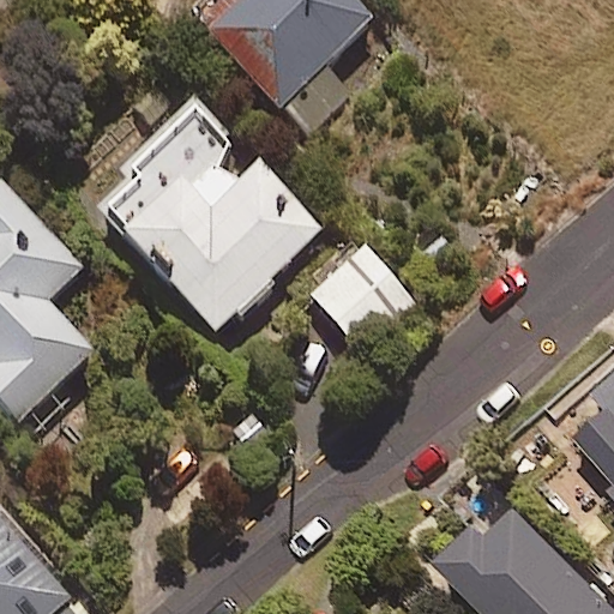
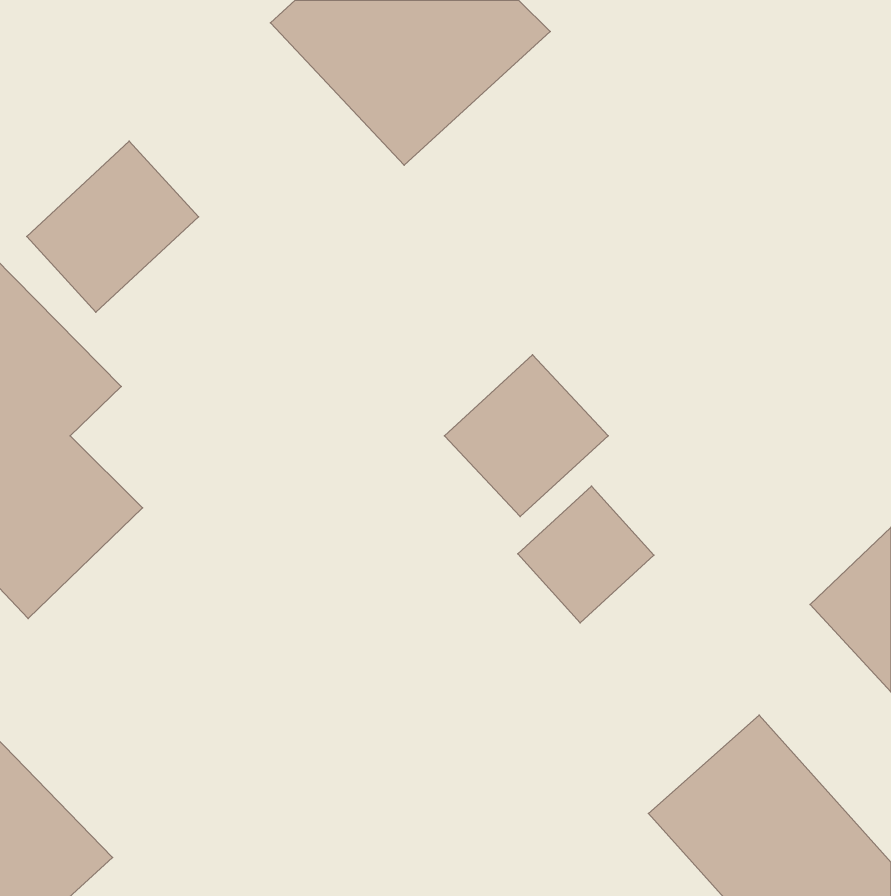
building: none -> [27,141,198,312]
building: [100,108,319,329] -> none
building: none -> [518,486,654,623]

